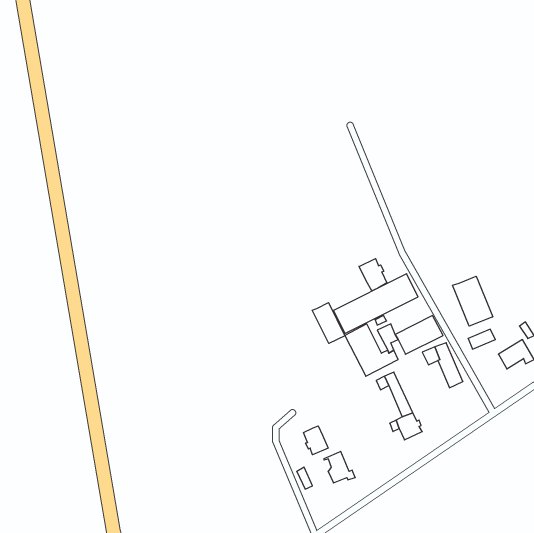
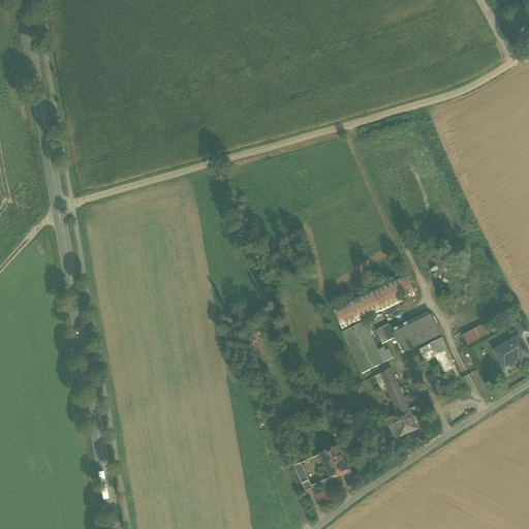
building: [359,259,387,291] -> none
building: [453,276,493,326] -> none
building: [312,303,345,343] -> none
building: [304,426,328,455] -> none

